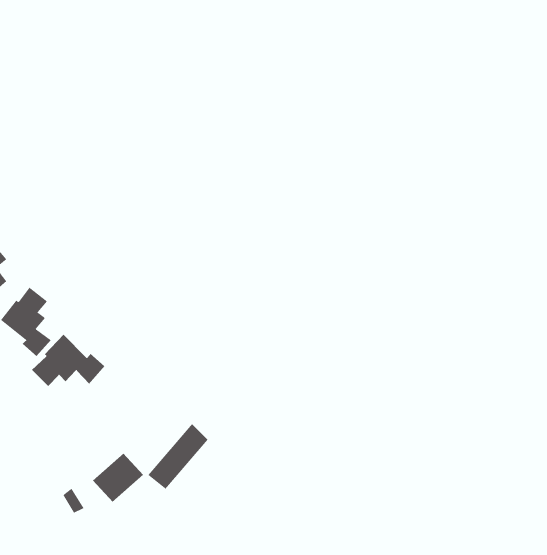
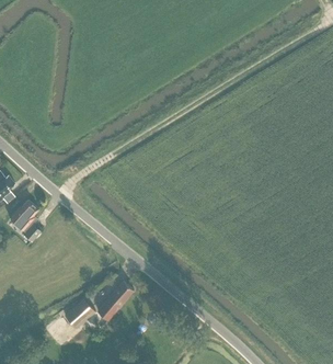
building: [31,334,105,387] -> none

